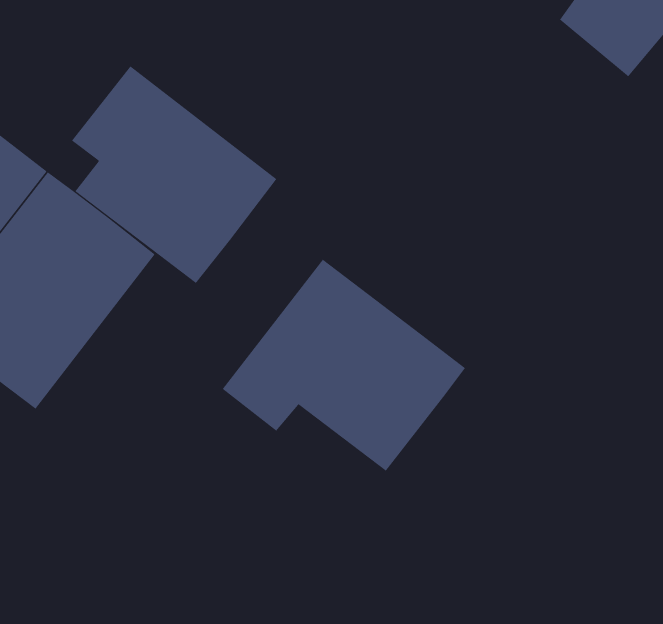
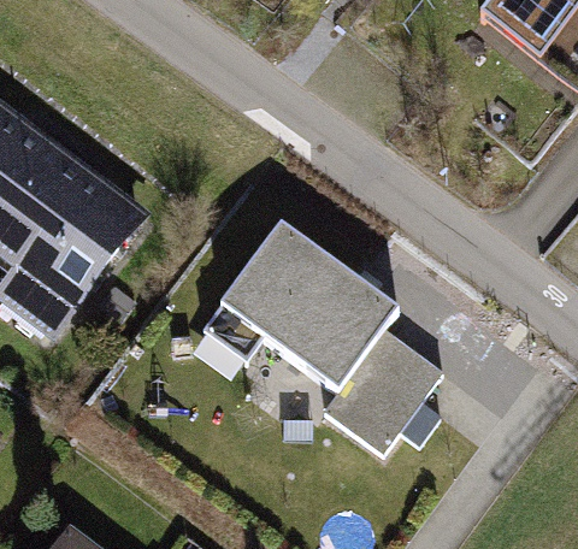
building: [71,66,277,284] -> none
building: none -> [322,332,440,455]

